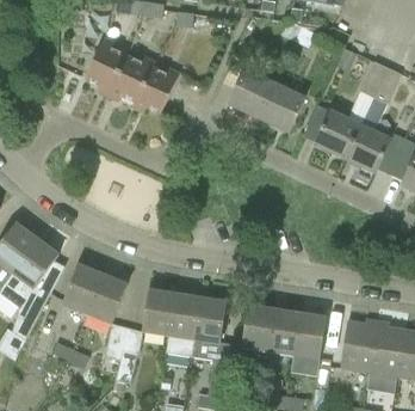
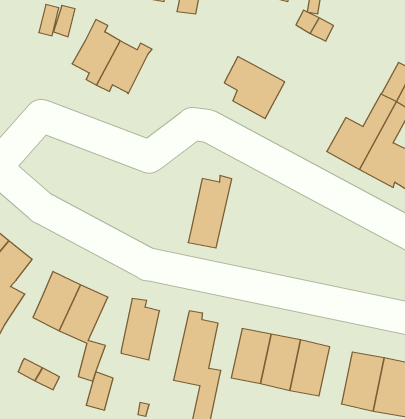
building: [132,66,180,114] -> none
building: [259,84,305,131] -> none
building: [165,289,200,354] -> [188,175,232,248]

